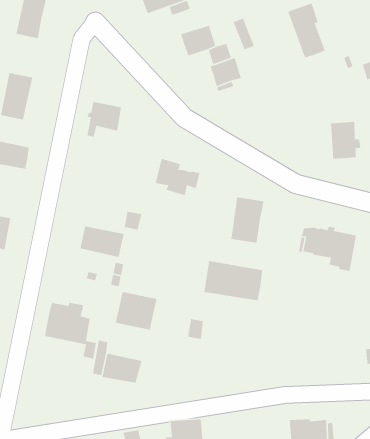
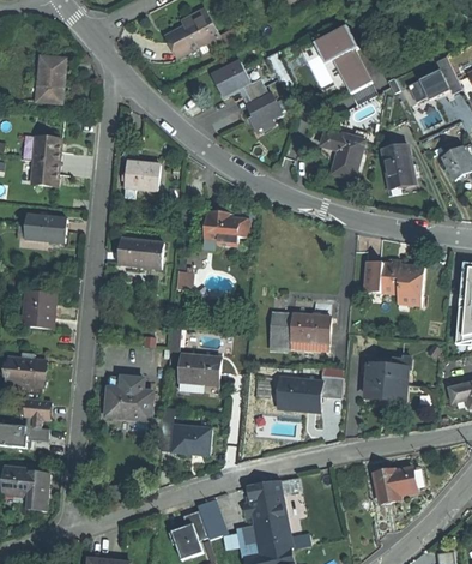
building: none -> [317,133,365,182]
building: [230,196,265,244] -> none
building: [79,225,124,258] -> [117,235,163,265]
building: none -> [364,361,406,397]
building: none -> [276,377,341,413]

